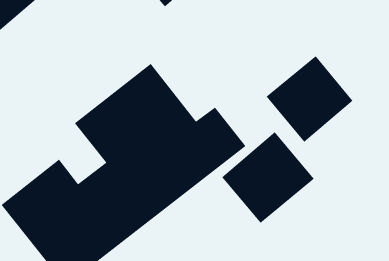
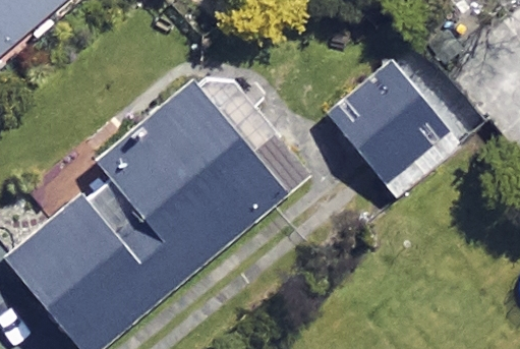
building: [221,131,315,224] -> none

